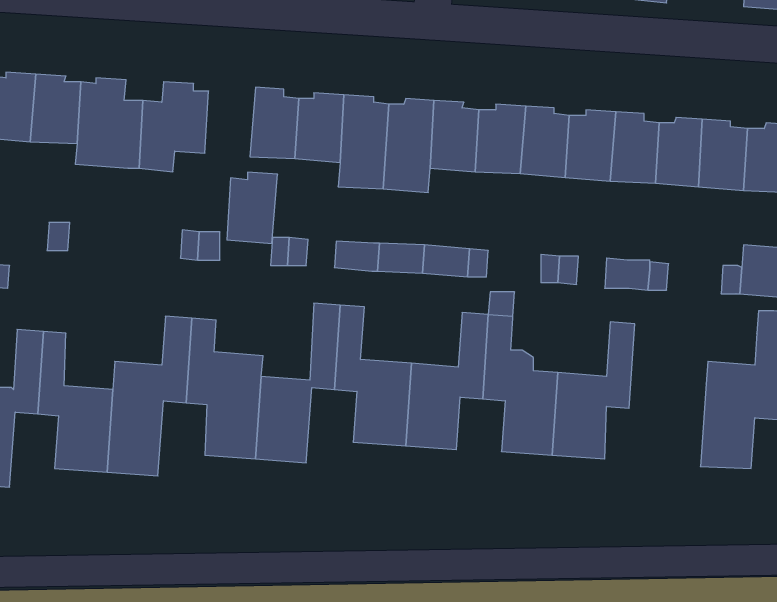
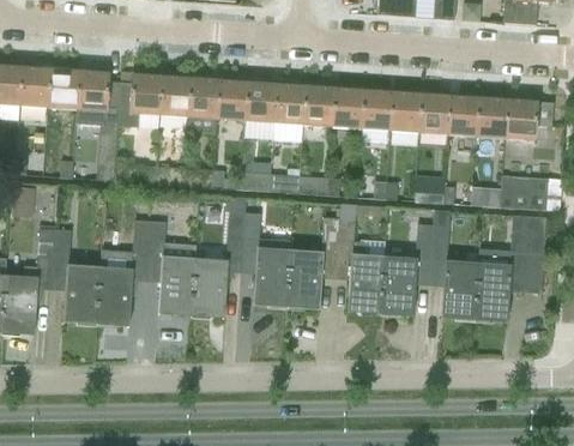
building: [227,172,278,244] -> [159,73,192,119]
building: none -> [430,211,479,317]

